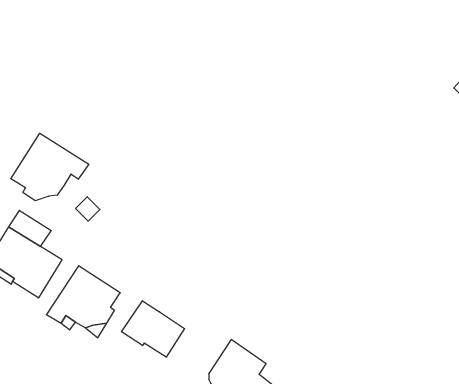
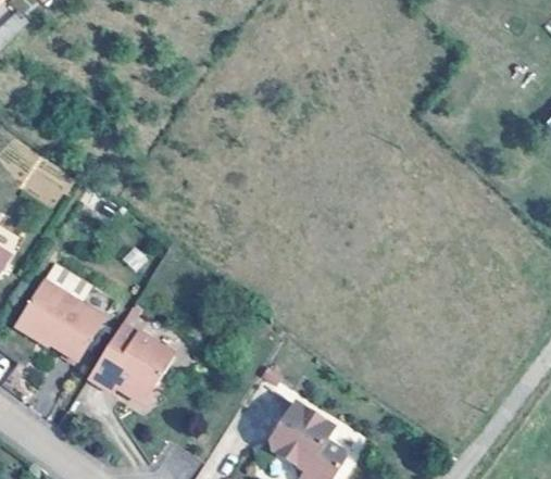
building: [11,133,89,201] -> none
building: [122,301,185,357] -> none

